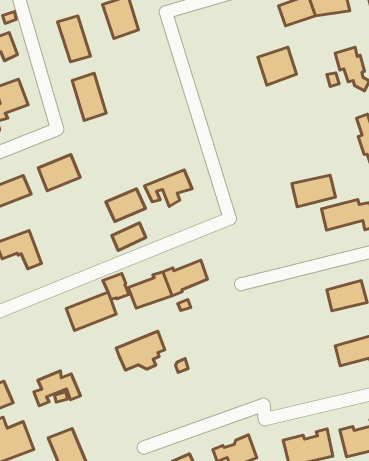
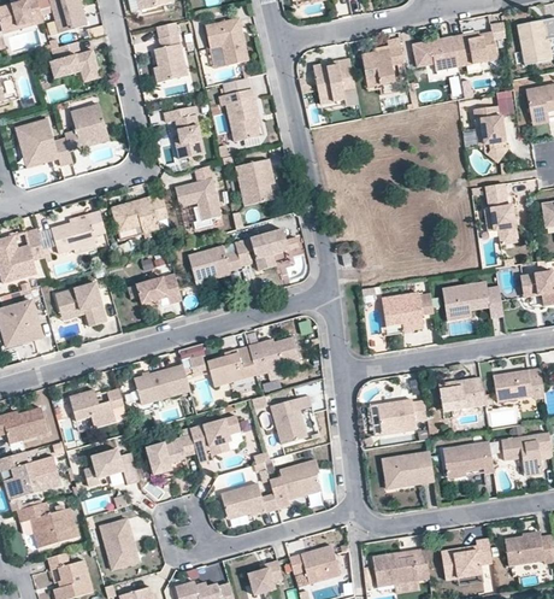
building: none -> [312,57,355,101]
building: [258,47,297,85] -> [361,46,405,88]
building: none -> [223,87,263,142]
building: none -> [240,164,277,202]
building: none -> [177,184,219,224]
building: [292,175,335,207] -> [382,290,431,324]
building: [112,223,146,250] -> [141,275,181,305]
building: none -> [379,400,417,435]
building: none -> [269,395,318,447]
building: none -> [70,387,124,427]
building: none -> [383,453,434,491]
building: none -> [147,439,196,474]
building: none -> [279,460,320,498]
building: none -> [220,486,261,521]

